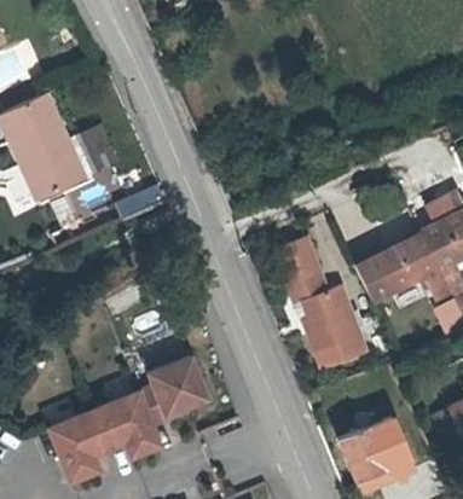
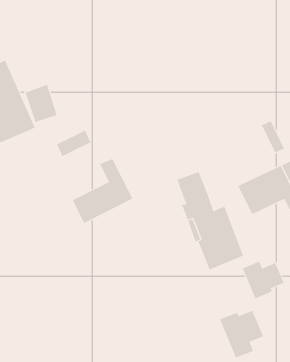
building: none -> [72,158,133,224]
building: none -> [242,261,284,299]
building: [50,358,207,485] -> none

